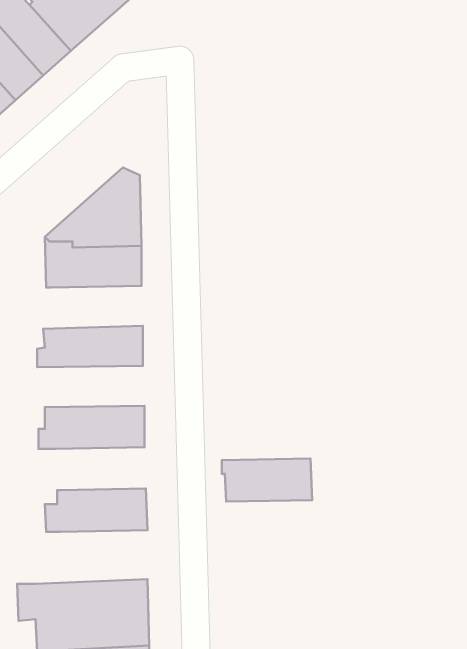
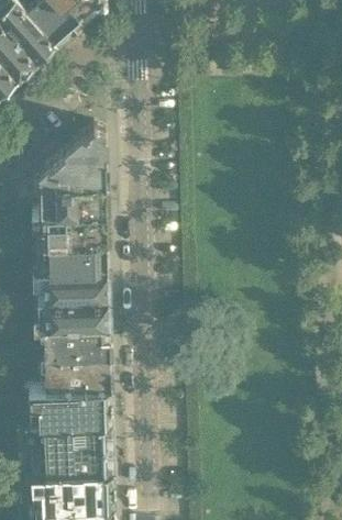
building: none -> [31,220,106,251]
building: none -> [30,277,107,307]
building: [222,459,312,502] -> [43,335,108,366]
building: none -> [19,395,109,433]

